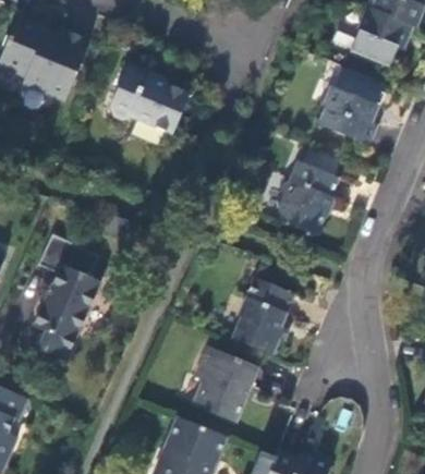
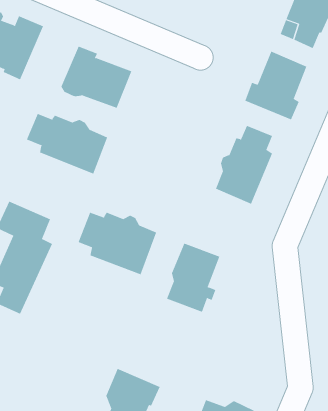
building: none -> [26,113,108,174]
building: none -> [78,212,157,275]
building: [187,352,250,425] -> none

